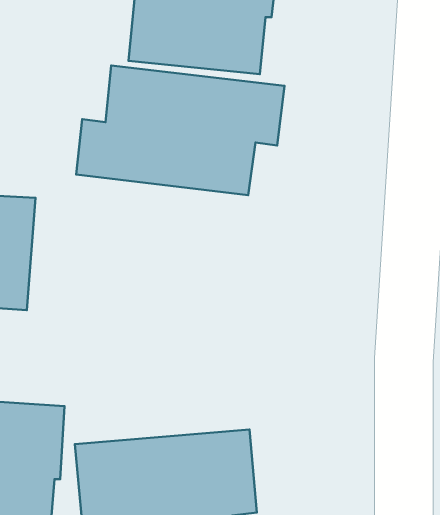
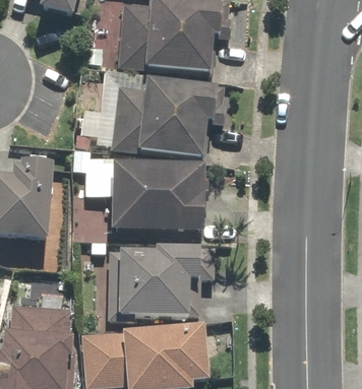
building: none -> [88,153,204,232]
building: none -> [111,243,218,318]

